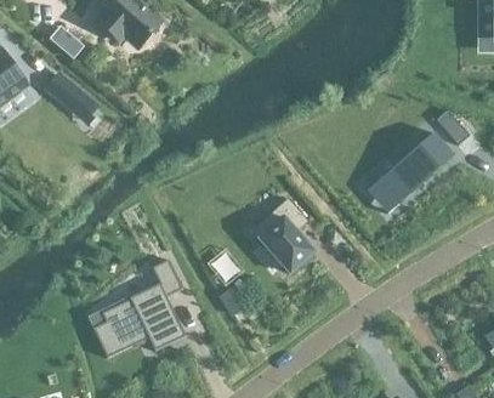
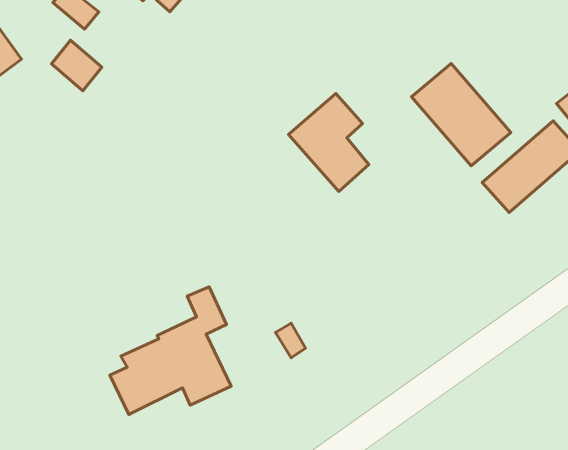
building: none -> [412,63,511,166]
building: [250,198,312,273] -> [288,94,369,191]

